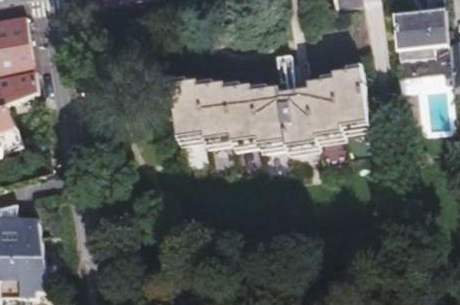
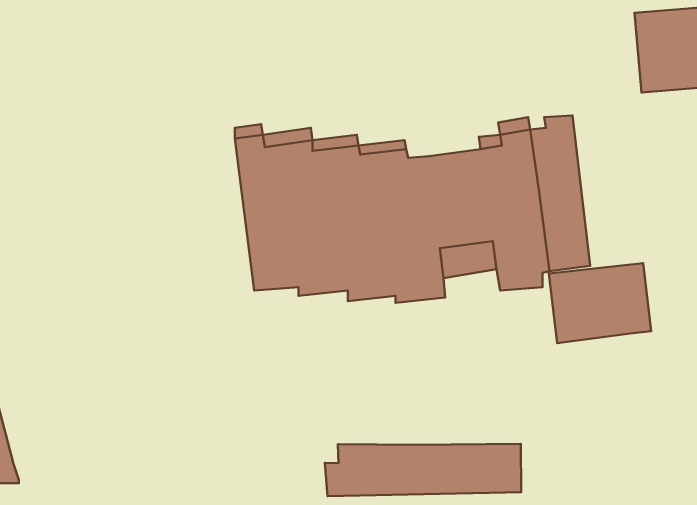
building: none -> [549,263,651,343]
building: none -> [325,444,521,496]

